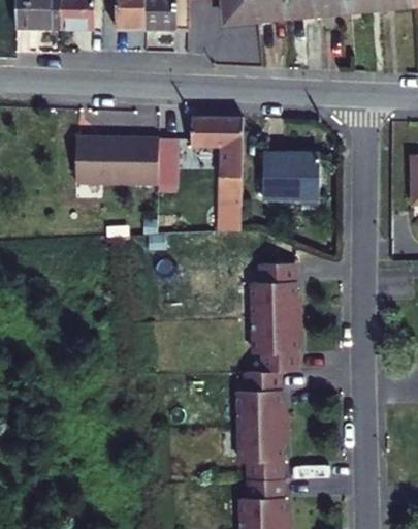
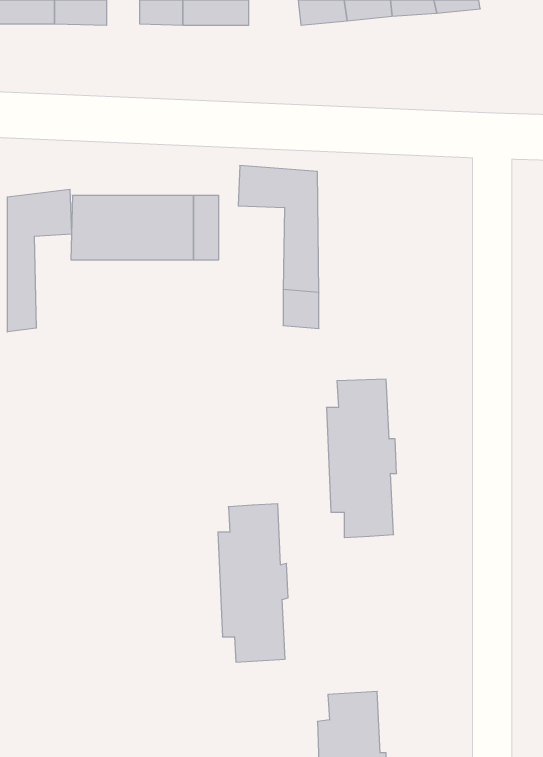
building: none -> [7,189,72,332]
building: [261,157,319,203] -> none
building: [238,373,287,483] -> [218,504,288,662]

